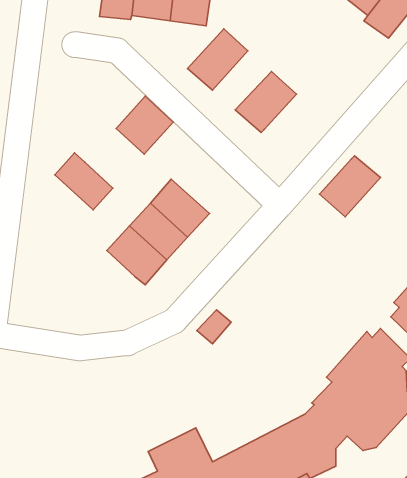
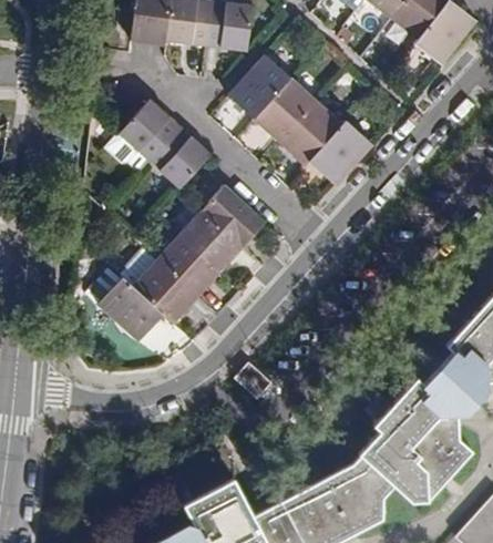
building: none -> [251,78,315,141]
building: none -> [117,99,179,161]
building: [55,153,113,210] -> [106,281,168,342]
building: none -> [207,189,271,252]
building: [319,156,381,217] -> [307,121,372,186]

